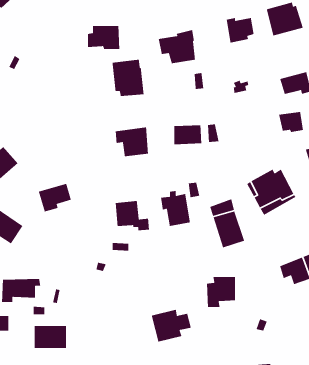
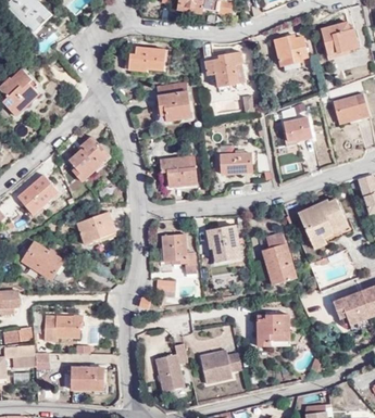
building: none -> [54,136,108,181]
building: [278,111,304,133] -> [284,118,311,141]
building: none -> [153,342,187,391]

